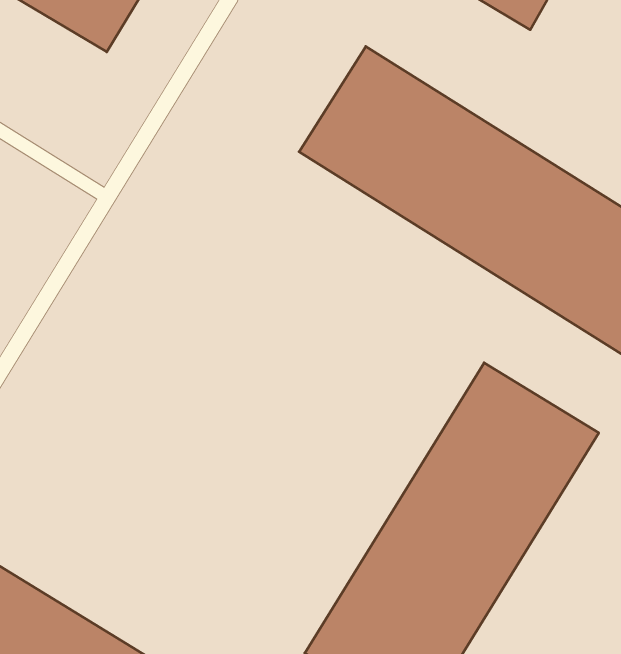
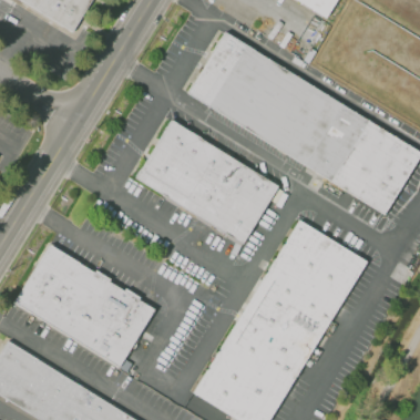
building: none -> [135,121,279,246]
building: none -> [16,246,155,367]

